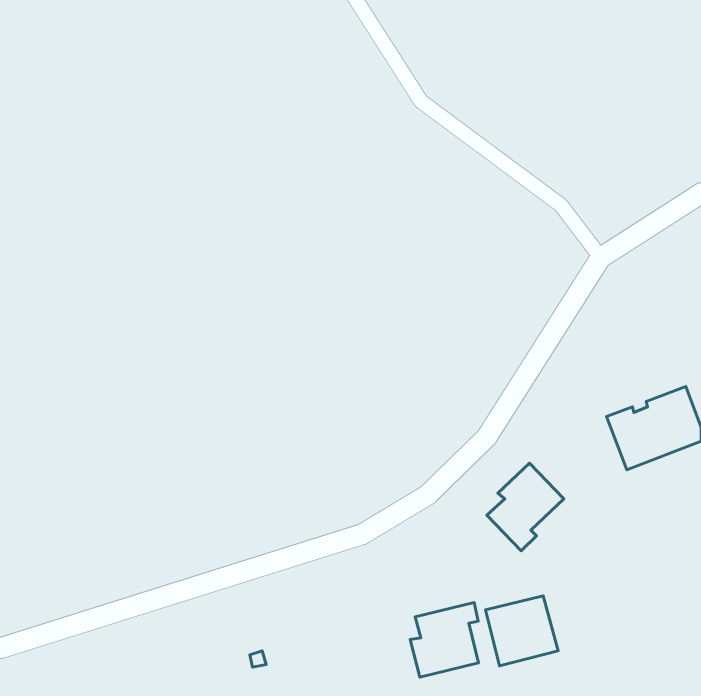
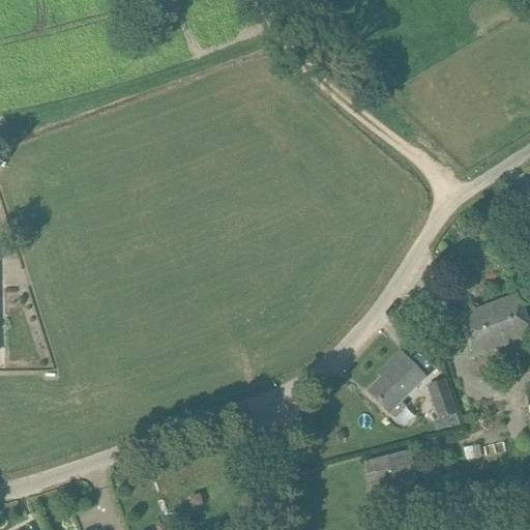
building: none -> [429,378,455,416]
building: [410,603,479,677] -> none

